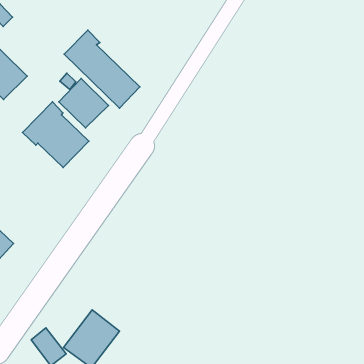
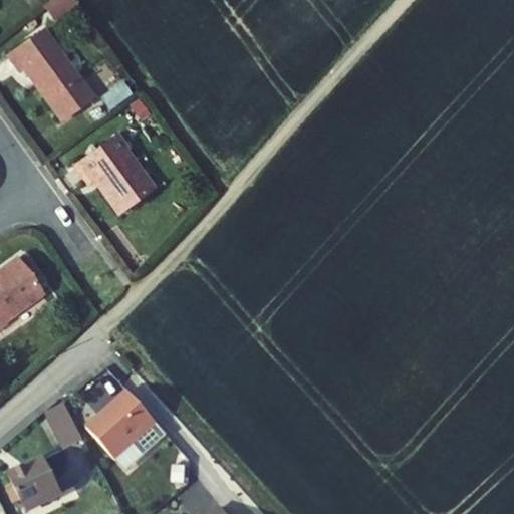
building: [64,30,140,108] -> none
building: [59,79,108,128] -> none

